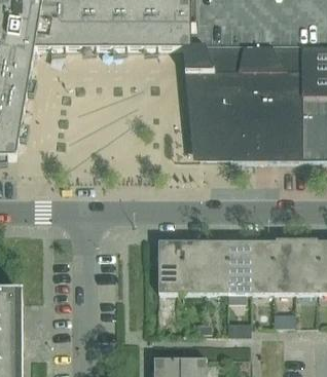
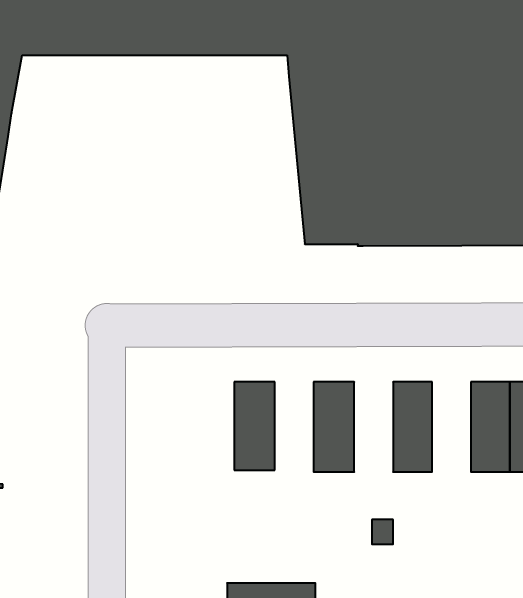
building: [182,241,205,294] -> none
building: [228,241,251,294] -> none
building: [274,241,296,294] -> none

